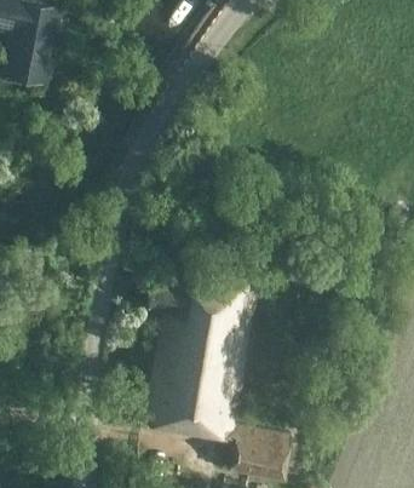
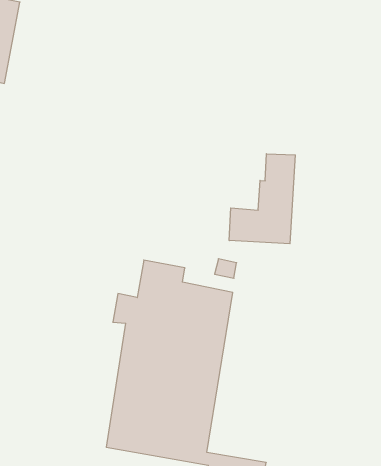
building: none -> [229,154,295,244]

